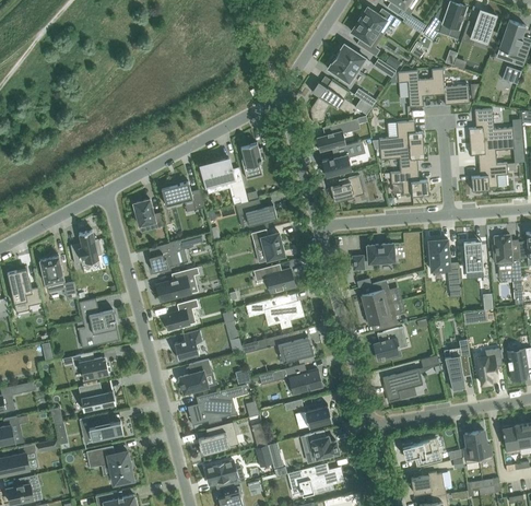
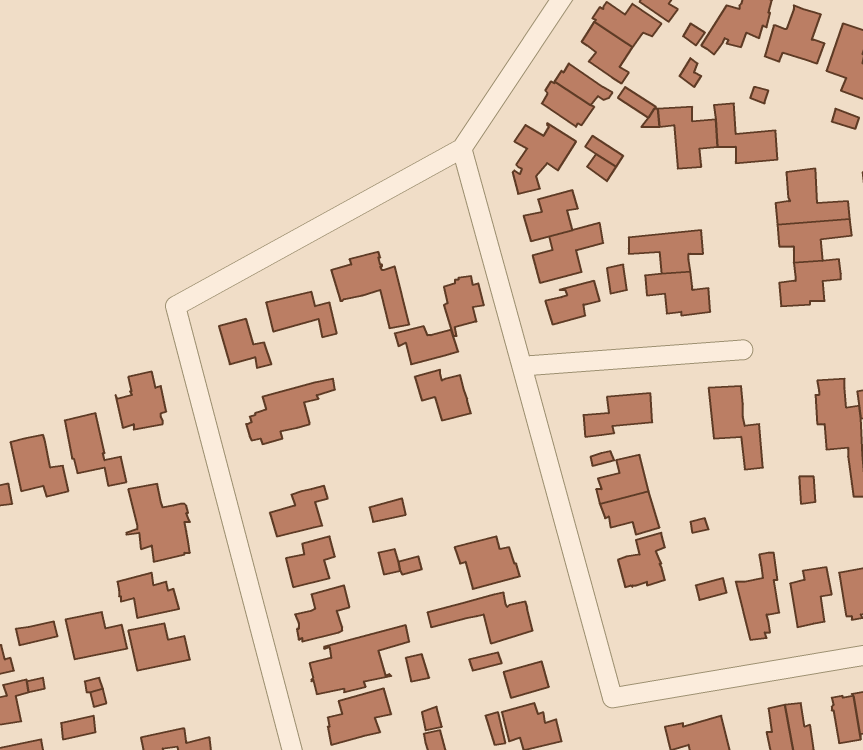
building: [378,121,423,150] -> none
building: [240,143,264,179] -> [444,276,484,336]
building: [462,242,483,271] -> none
building: [259,264,294,293] -> none
building: [155,268,198,302] -> none
building: [245,295,300,322] -> none
building: [381,369,422,402] -> none
building: [85,413,122,442] -> [66,612,127,659]

